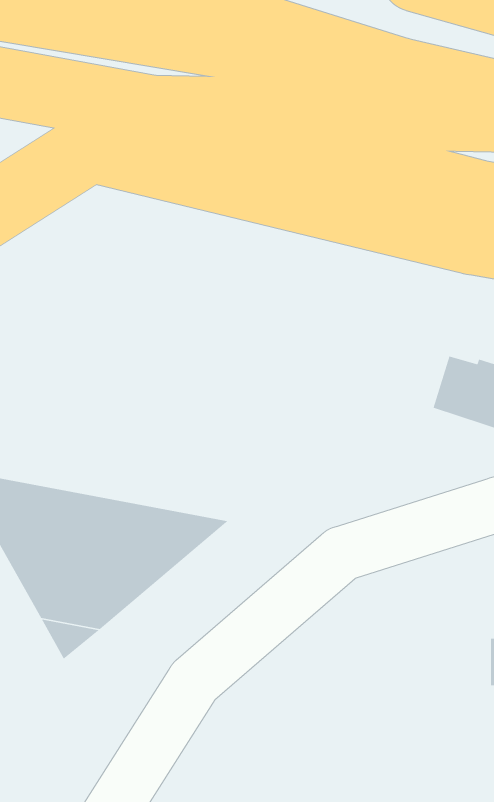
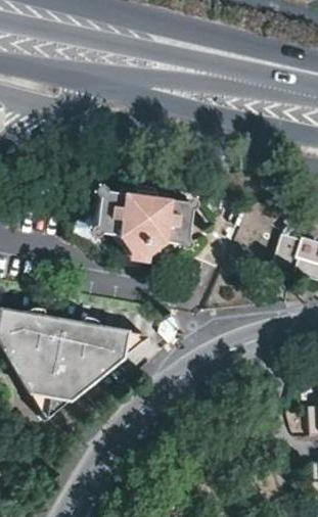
building: none -> [97,178,200,256]

